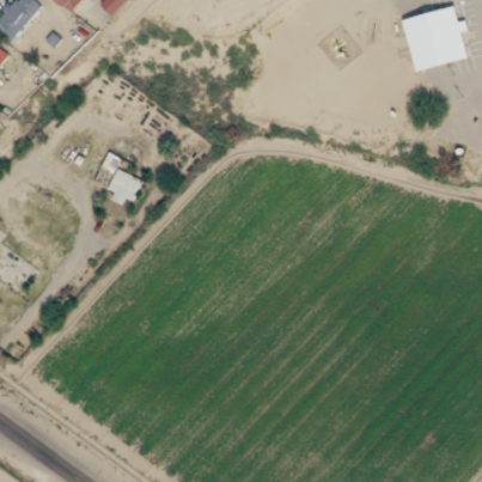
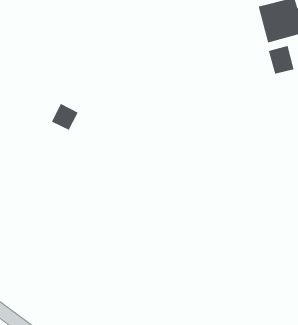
building: none -> [268,45,294,74]

